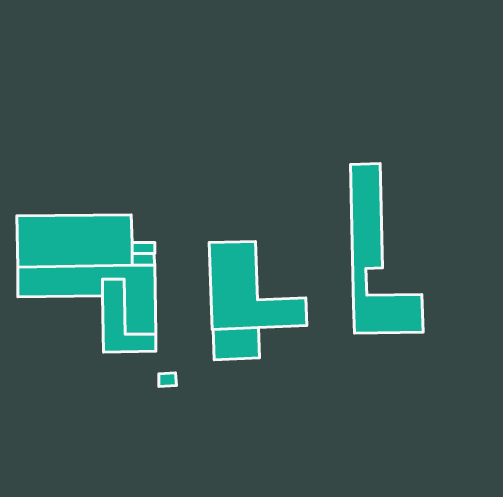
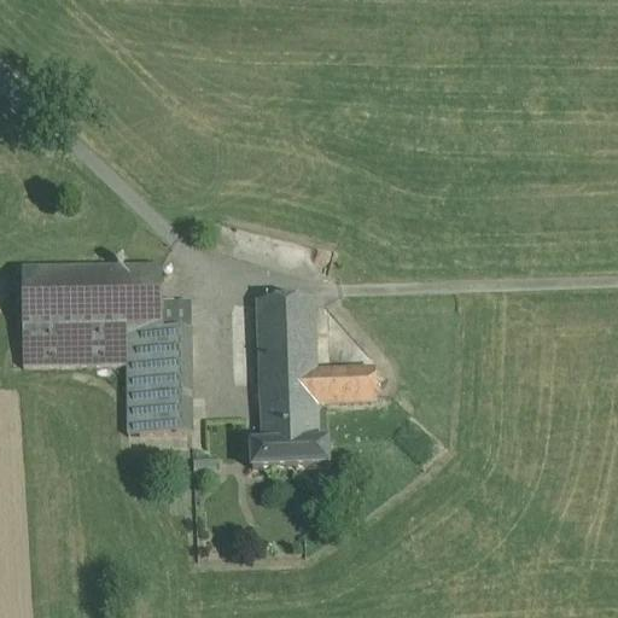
building: [351,164,423,333] -> none
building: none -> [250,438,327,465]

